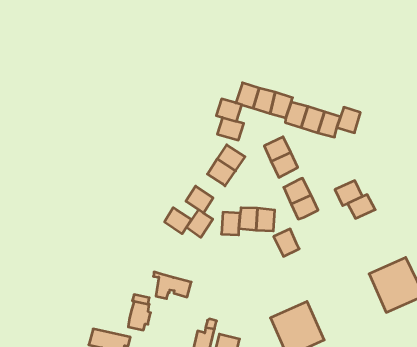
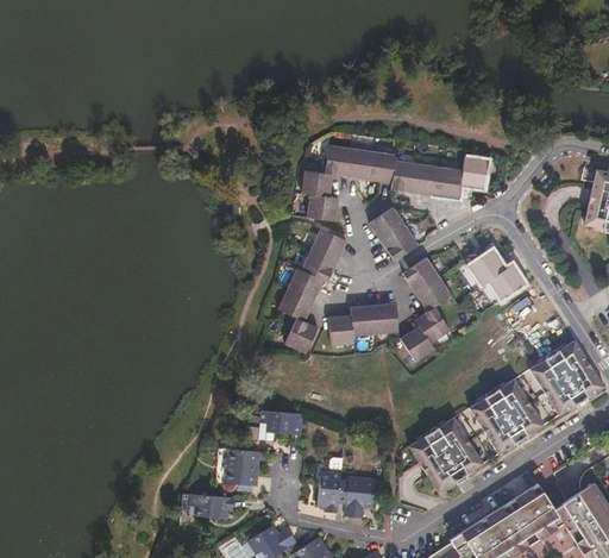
building: [165,208,192,234] -> [289,268,324,300]
building: none -> [416,307,451,343]
building: none -> [471,377,545,452]

